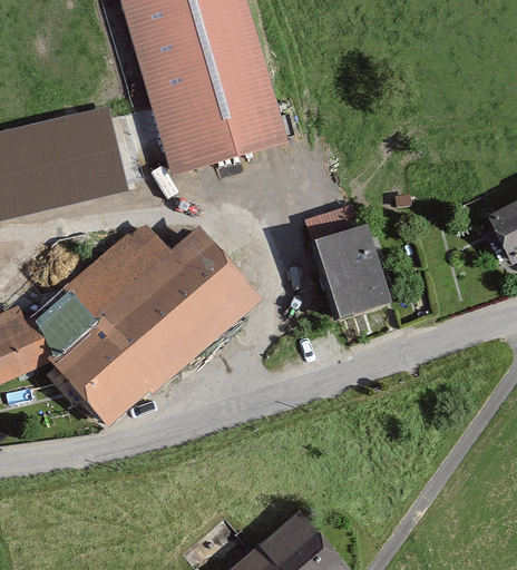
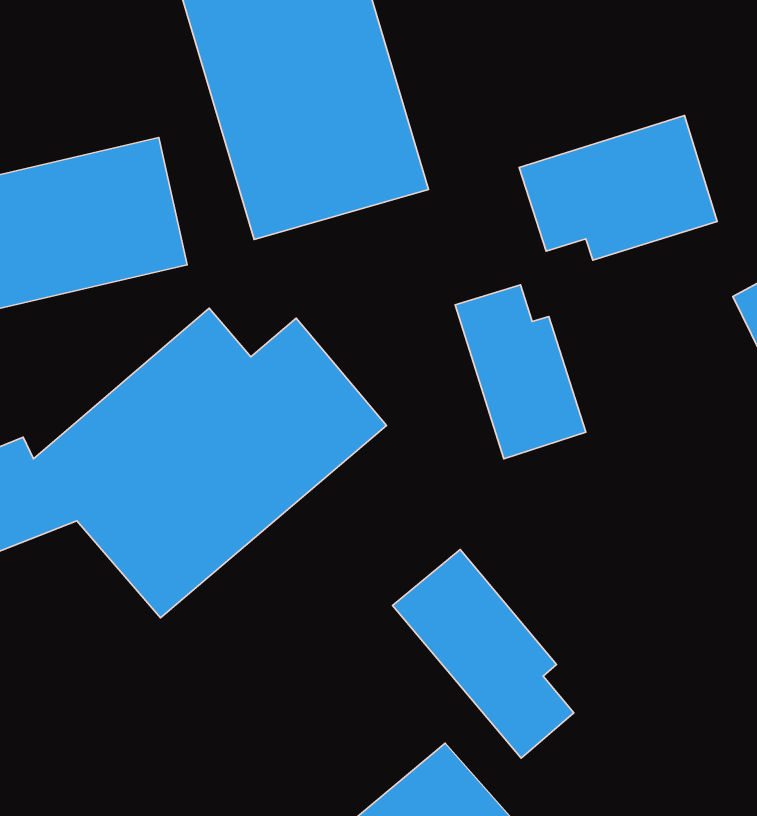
building: none -> [519,115,717,260]
building: none -> [392,550,574,758]

